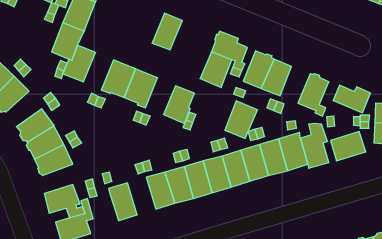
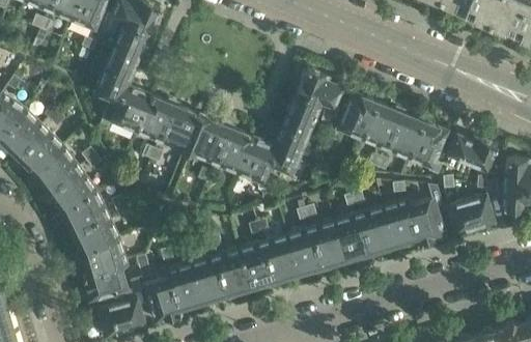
building: [152,13,182,50] -> [214,127,252,174]
building: none -> [135,95,173,143]
building: none -> [385,113,423,160]
building: none -> [35,145,82,190]
building: [225,101,258,138] -> [269,129,310,176]
building: none -> [83,237,129,274]
building: none -> [191,254,227,302]
building: none -> [144,276,180,321]

